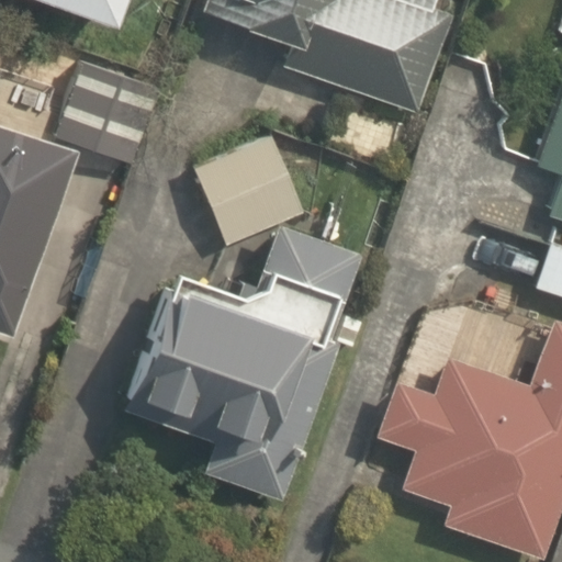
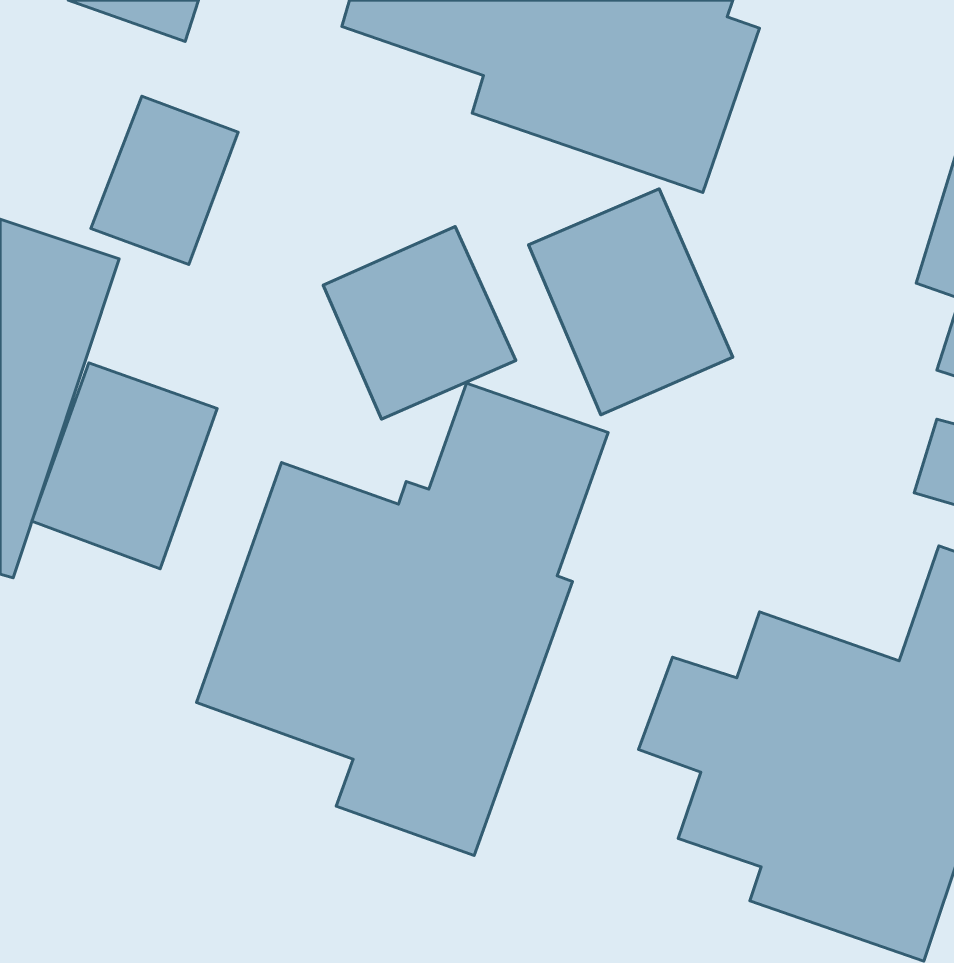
building: none -> [529,189,733,415]
building: none -> [32,363,217,569]

